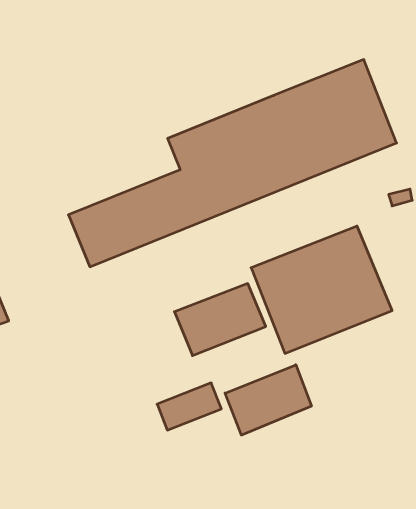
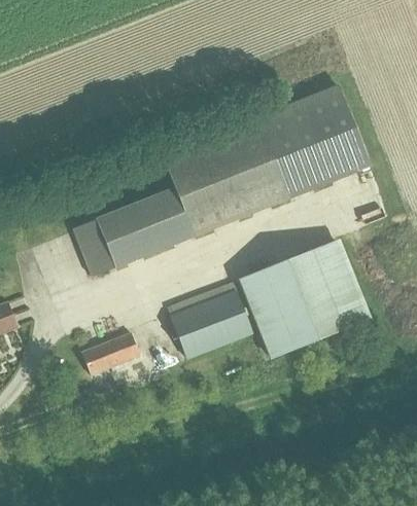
building: [225,365,311,435] -> none
building: [157,383,221,430] -> [81,332,140,375]

